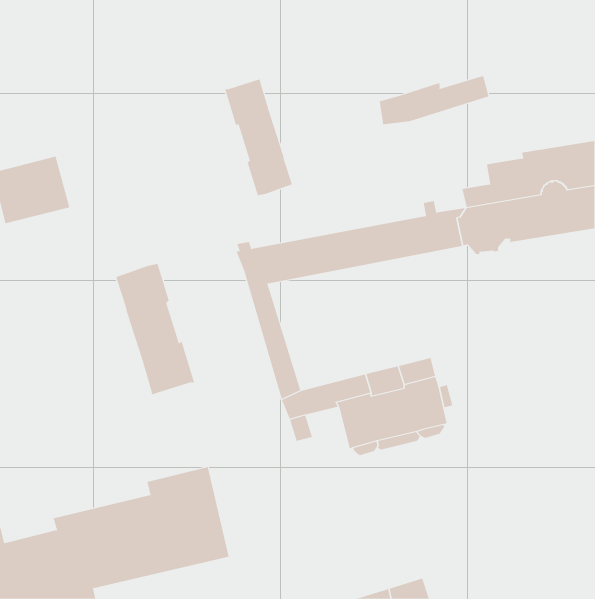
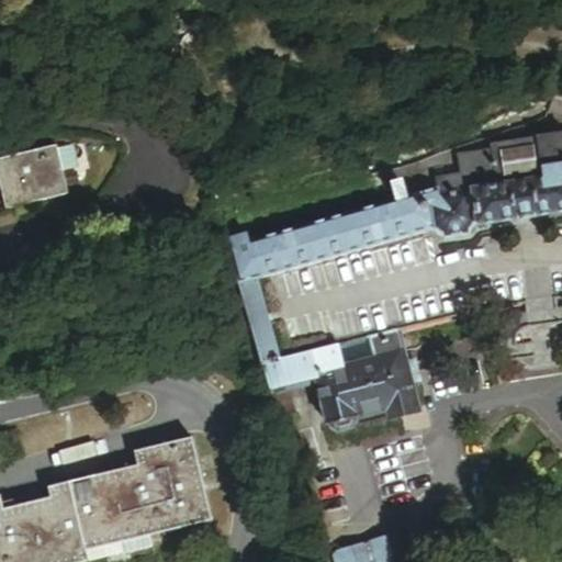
building: [379,75,489,125] -> none
building: [224,78,292,196] -> none
building: [116,263,195,395] -> none

